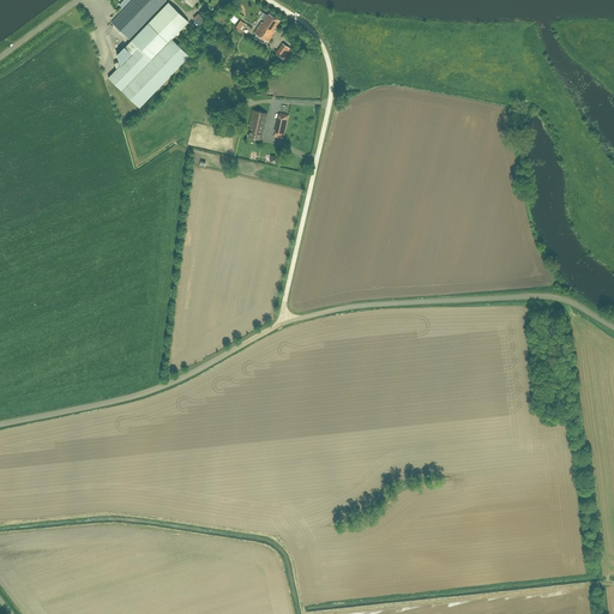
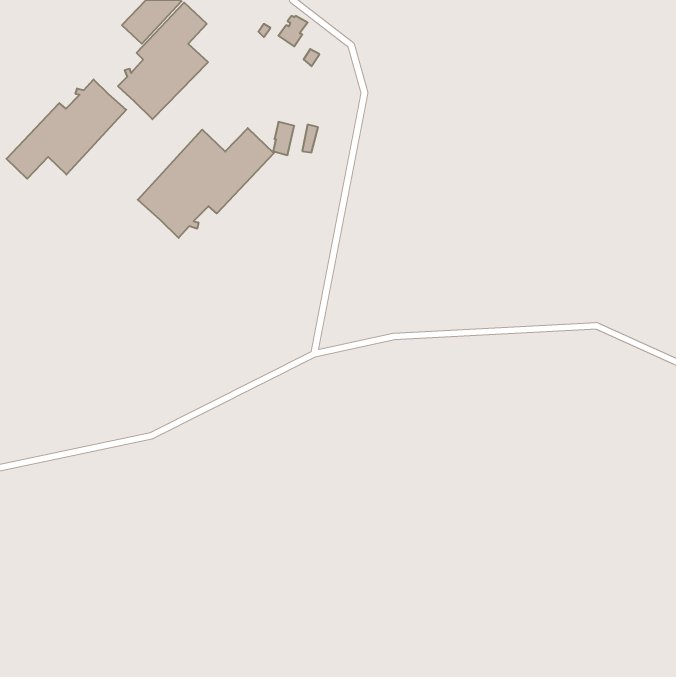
building: none -> [6,79,126,179]
building: none -> [138,128,274,238]

